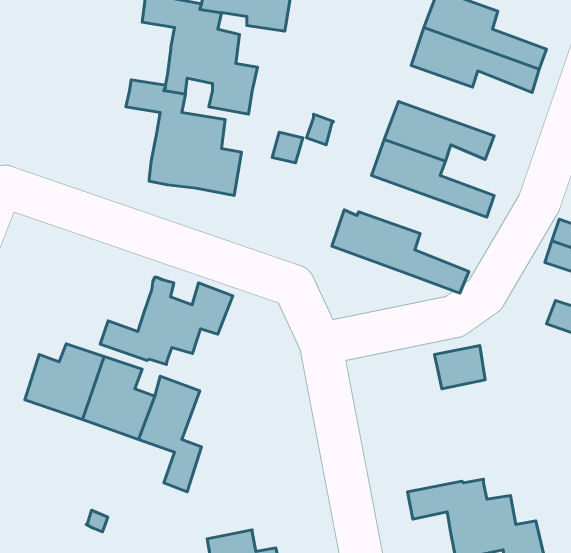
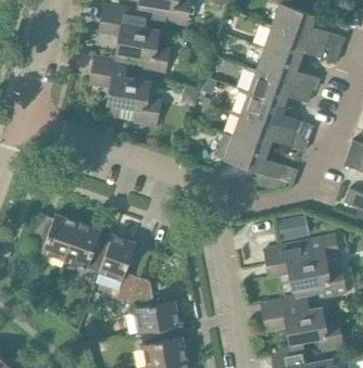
building: none -> [255,48,317,90]
building: none -> [231,114,309,152]
building: [100,277,233,365] -> none
building: none -> [263,236,347,300]
building: none -> [128,277,179,332]

